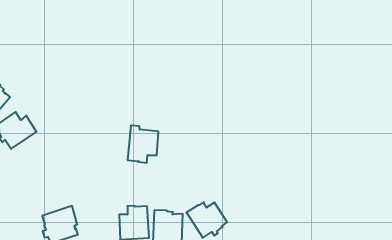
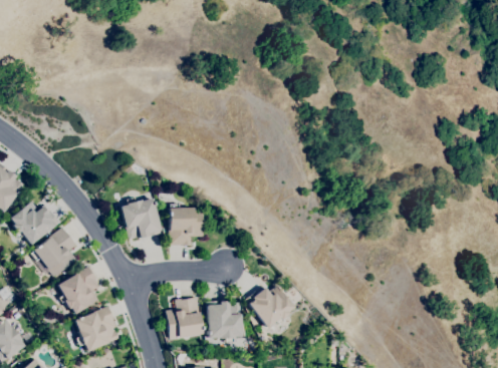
building: none -> [120,197,163,240]
building: none -> [31,228,76,277]
building: none -> [58,266,100,314]

